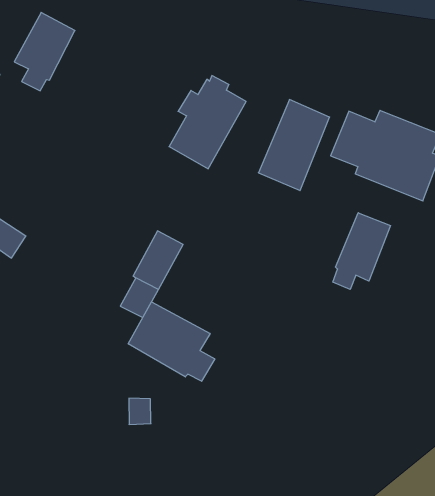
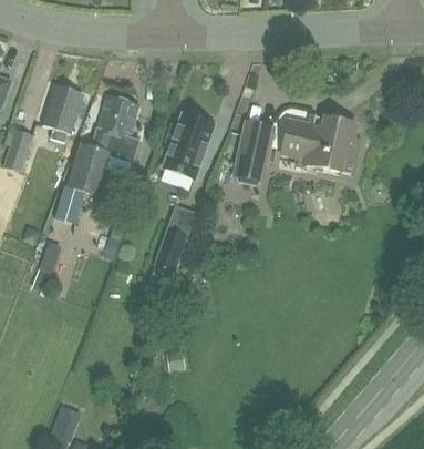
building: none -> [54,93,138,227]
building: [333,213,391,289] -> none
building: [128,302,215,381] -> none

